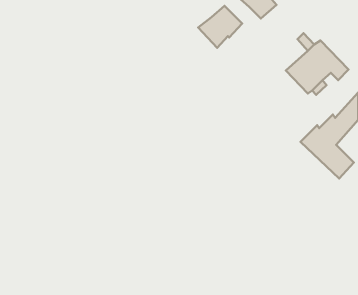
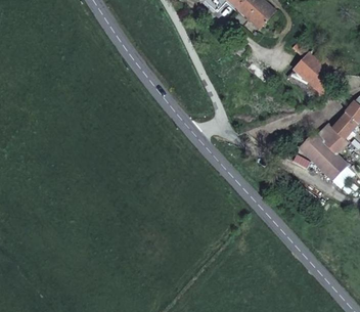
building: [198,6,242,48] -> none

